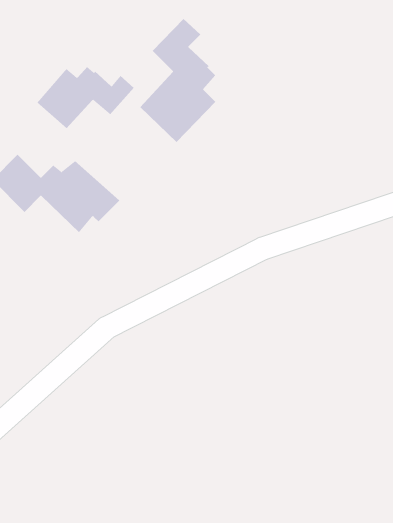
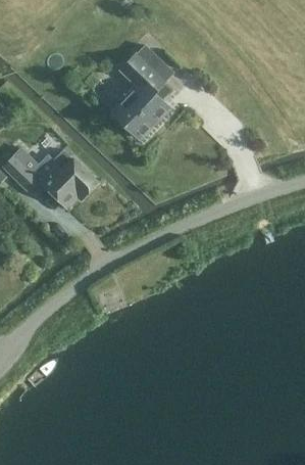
building: [36,66,134,129] -> none

